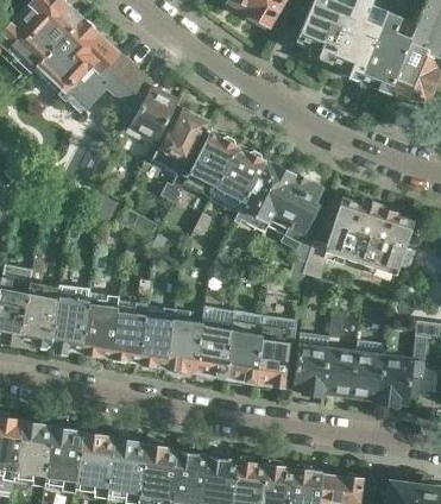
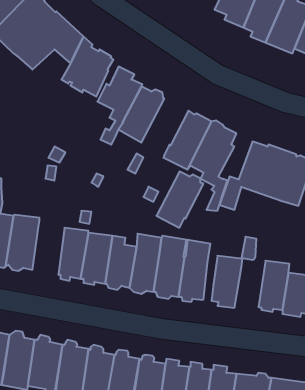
building: [210,146,266,213] -> [156,172,203,228]
building: [81,269,124,357] -> none
building: [321,346,357,397] -> none

